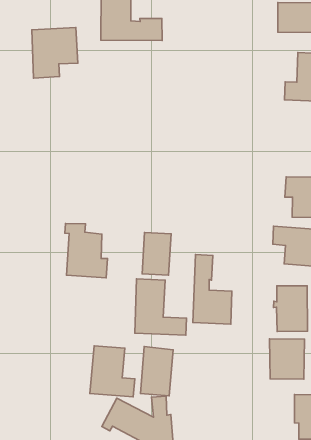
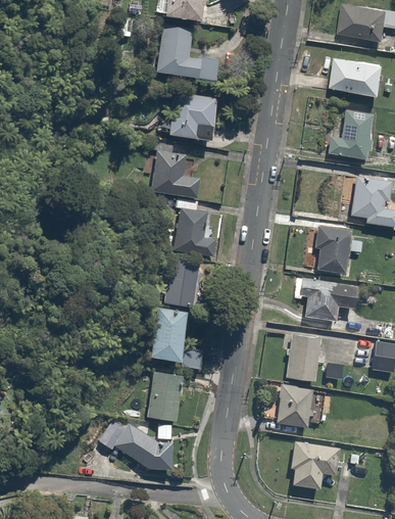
building: [32,28,78,78] -> [168,89,216,138]
building: none -> [152,149,201,197]
building: [65,223,107,278] -> [171,198,213,256]
building: [193,255,232,324] -> none
building: [90,346,135,397] -> none

